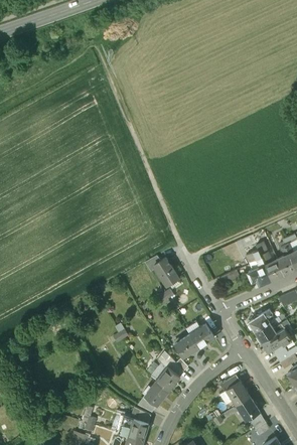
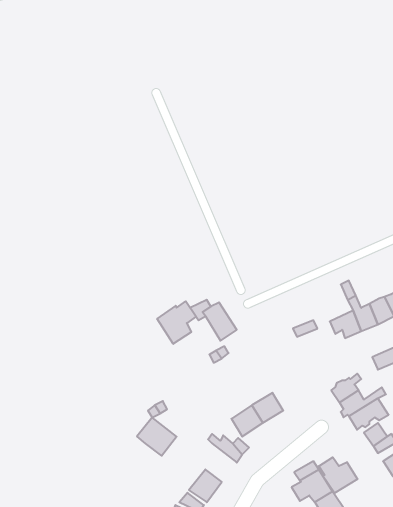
building: none -> [157,301,196,344]
building: [150,361,179,390] -> [137,417,177,456]
building: none -> [319,457,357,493]

